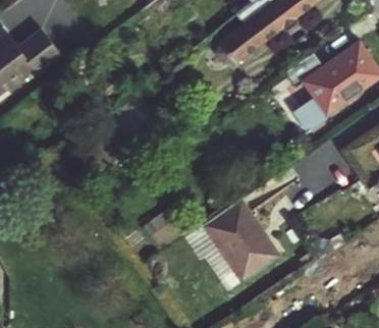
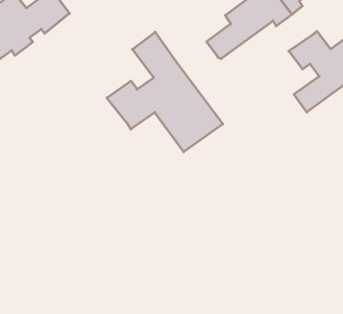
building: none -> [107,32,223,152]
building: [196,201,275,283] -> none

